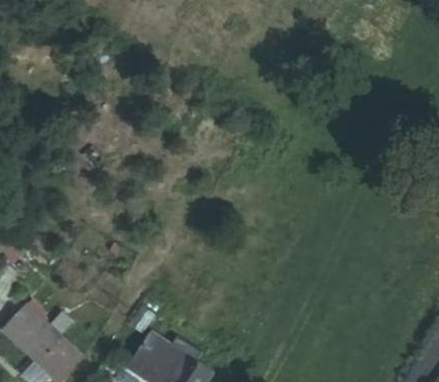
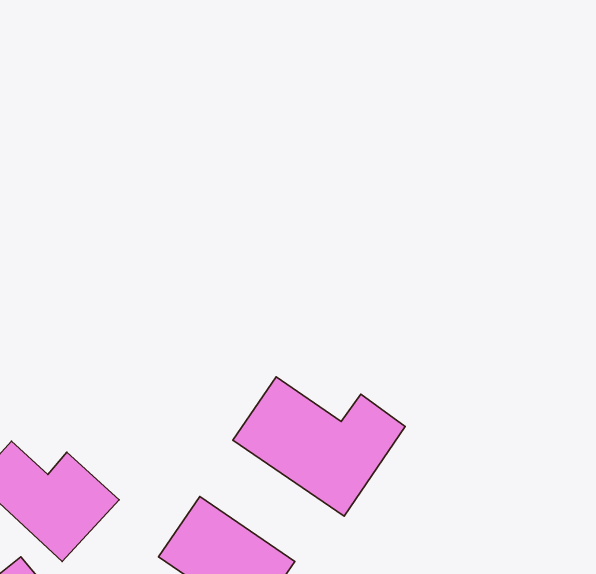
building: none -> [233,377,405,516]

